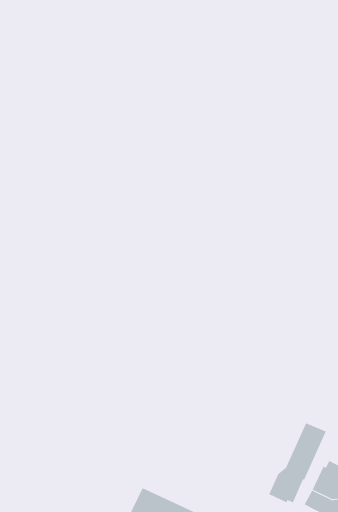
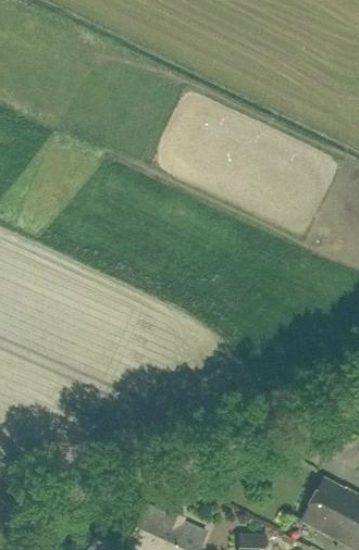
building: [268,422,327,503] -> none

